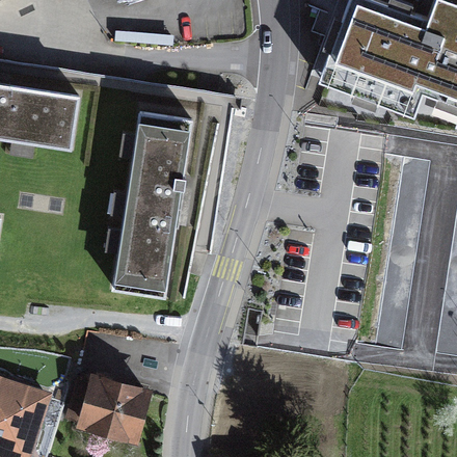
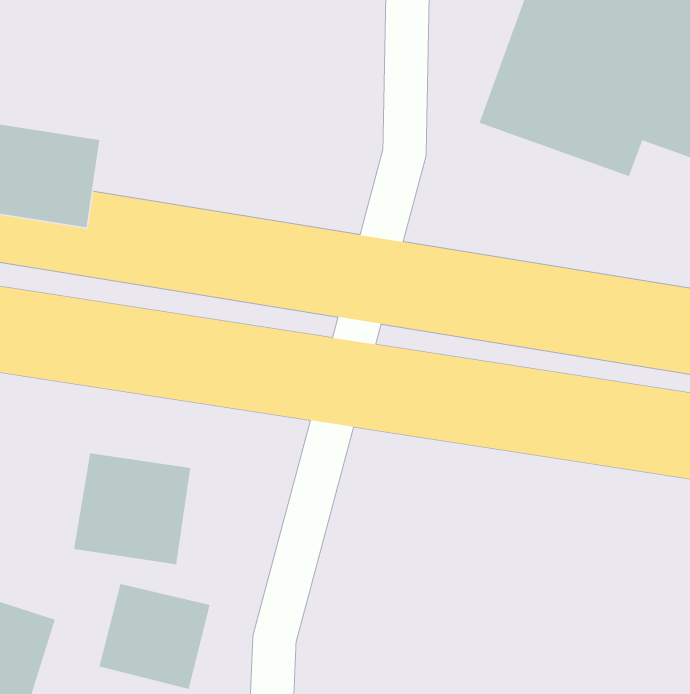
building: [110,113,192,298] -> none
building: none -> [73,453,191,565]

